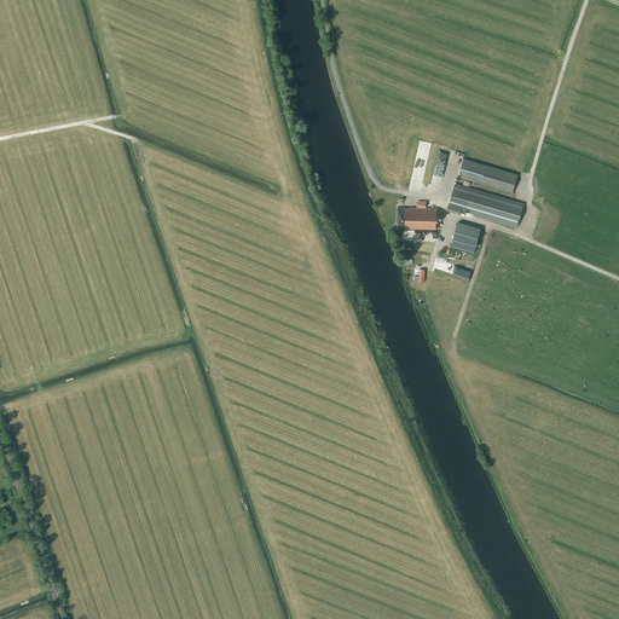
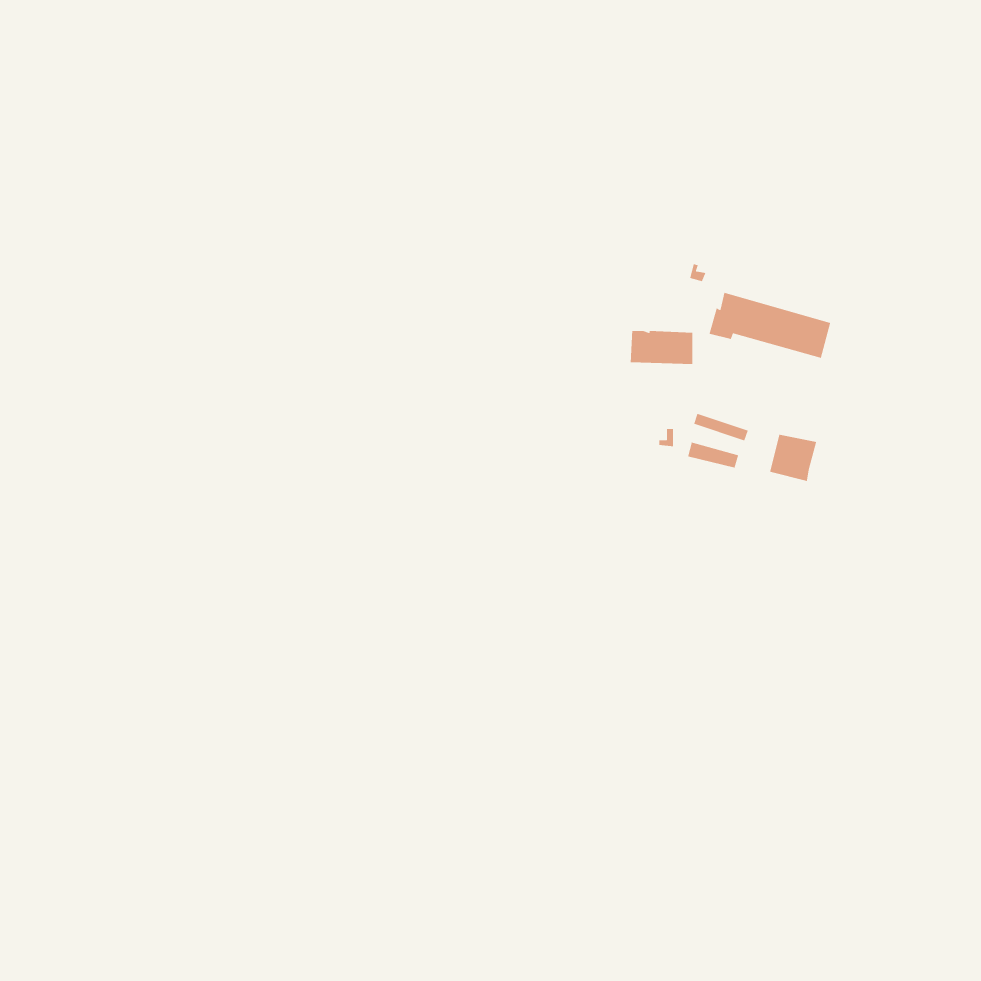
building: [458,158,517,192] -> none
building: [452,222,482,253] -> [769,434,817,482]

